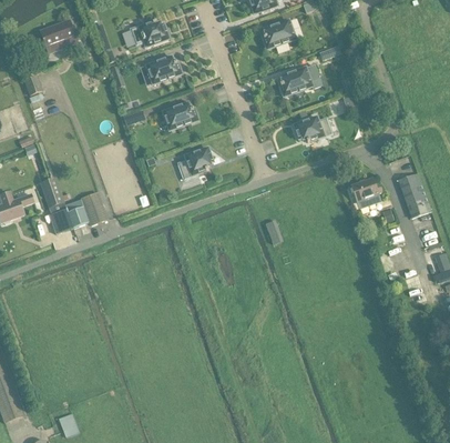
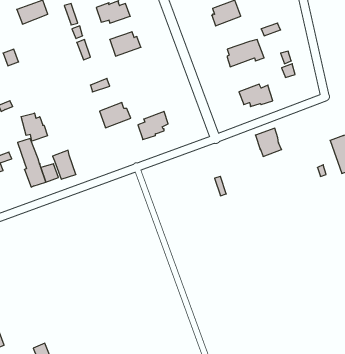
building: [163,100,198,129] -> [100,103,131,128]
building: none -> [21,113,47,141]
building: [351,175,381,208] -> [255,128,282,156]

